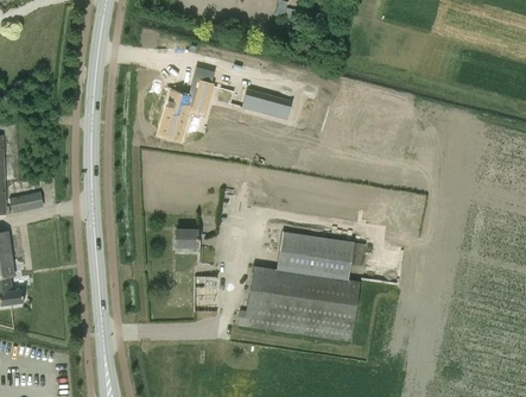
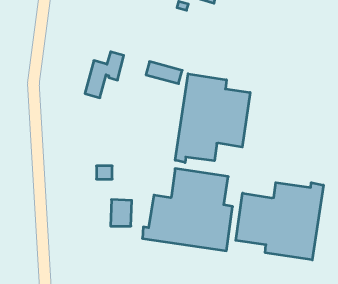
building: none -> [175,74,250,163]
building: none -> [236,183,323,260]

